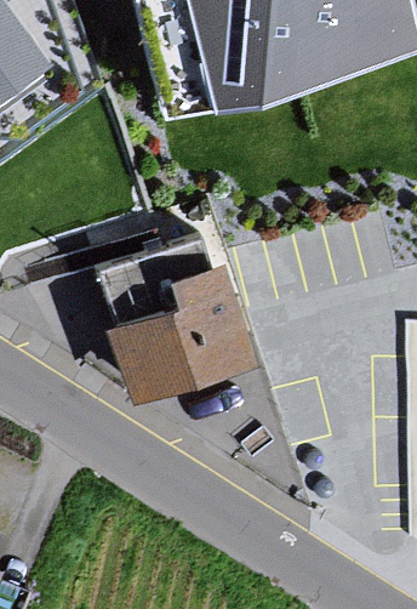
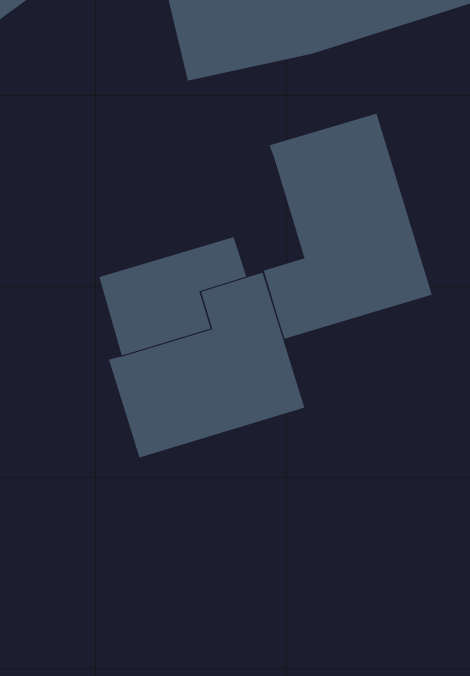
building: none -> [263,113,433,339]

